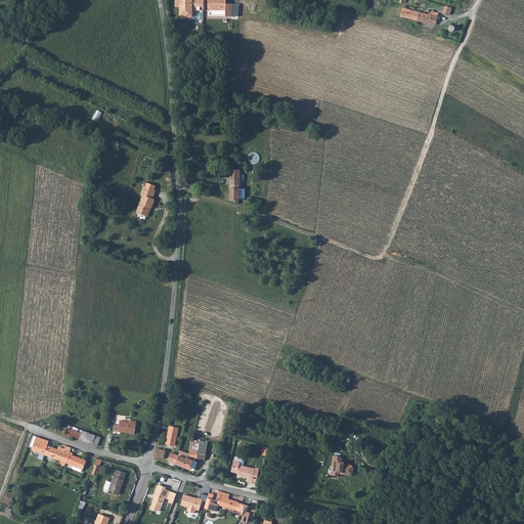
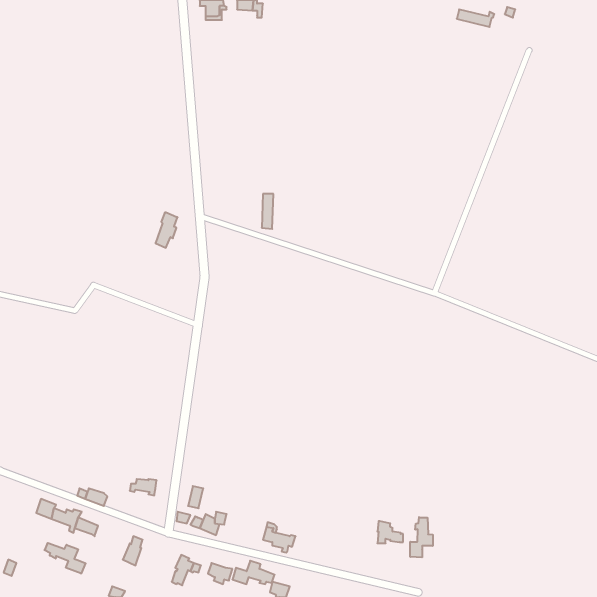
building: none -> [410,517,433,557]
building: none -> [44,543,86,574]

